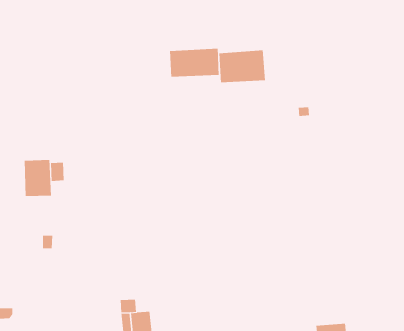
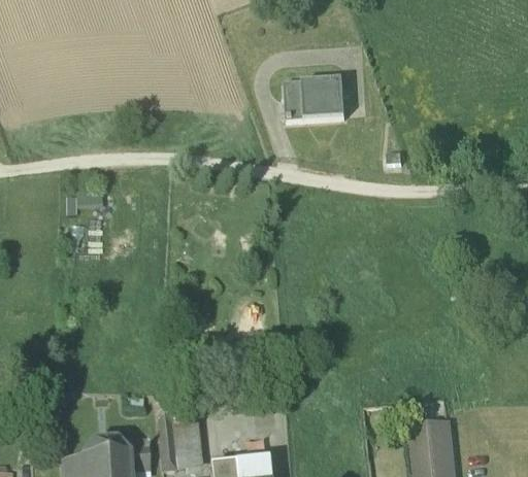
building: [169,48,219,77] -> none
building: [24,159,52,197] -> none

